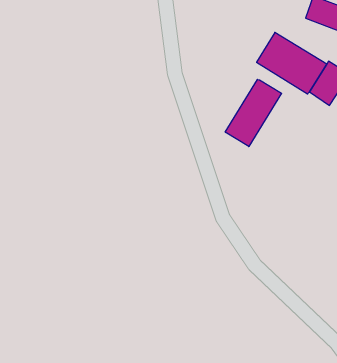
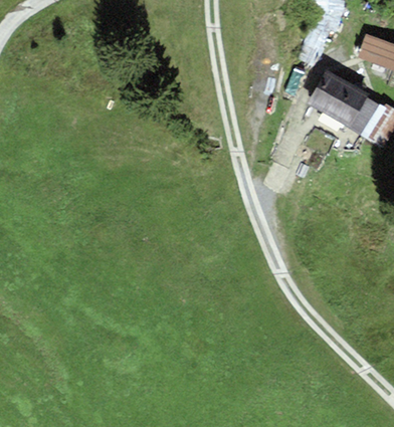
building: [225,79,282,147] -> none

